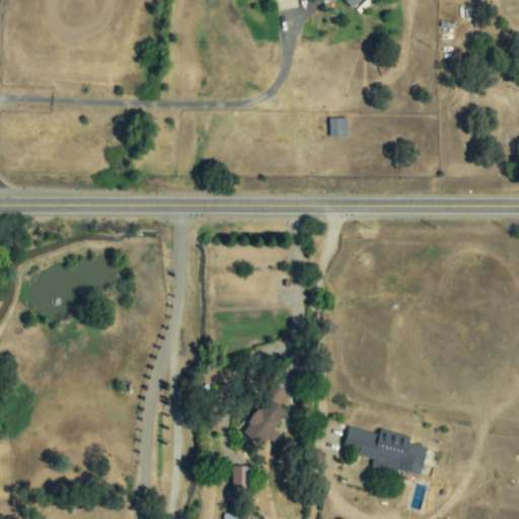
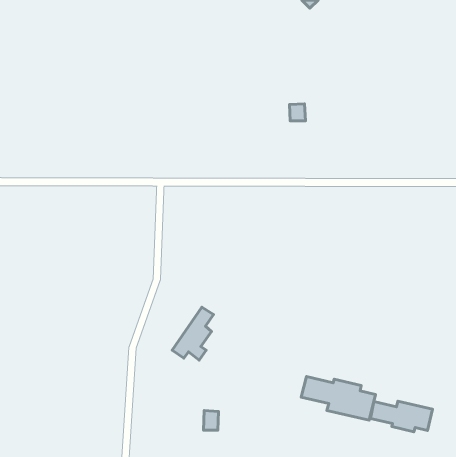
building: [242,384,289,444] -> [172,307,213,360]
building: none -> [370,401,432,432]

